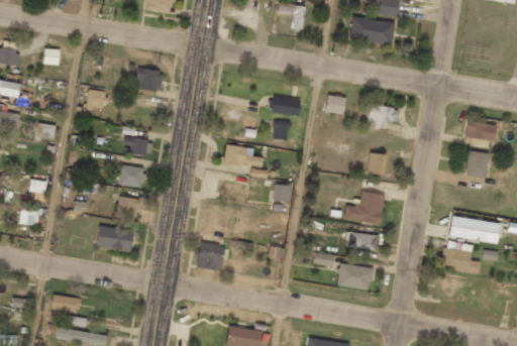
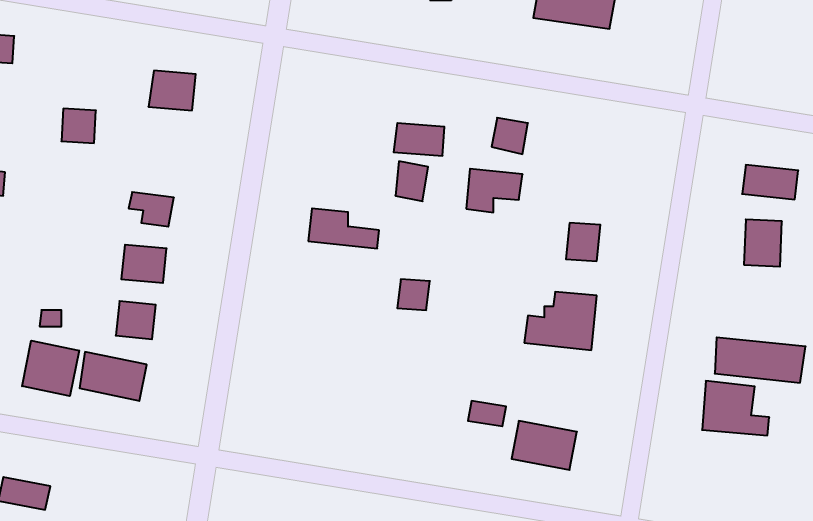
building: [367,105,398,129] -> [466,169,523,212]
building: none -> [22,341,79,396]
building: [345,231,377,250] -> none
building: [197,243,223,270] -> none

